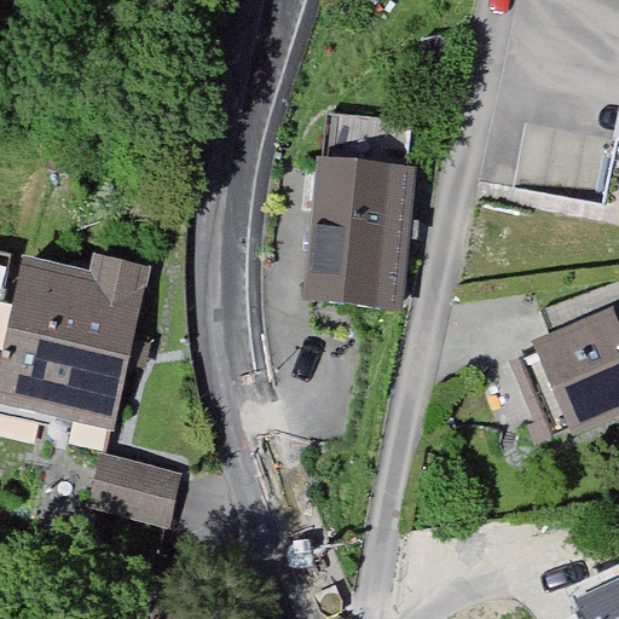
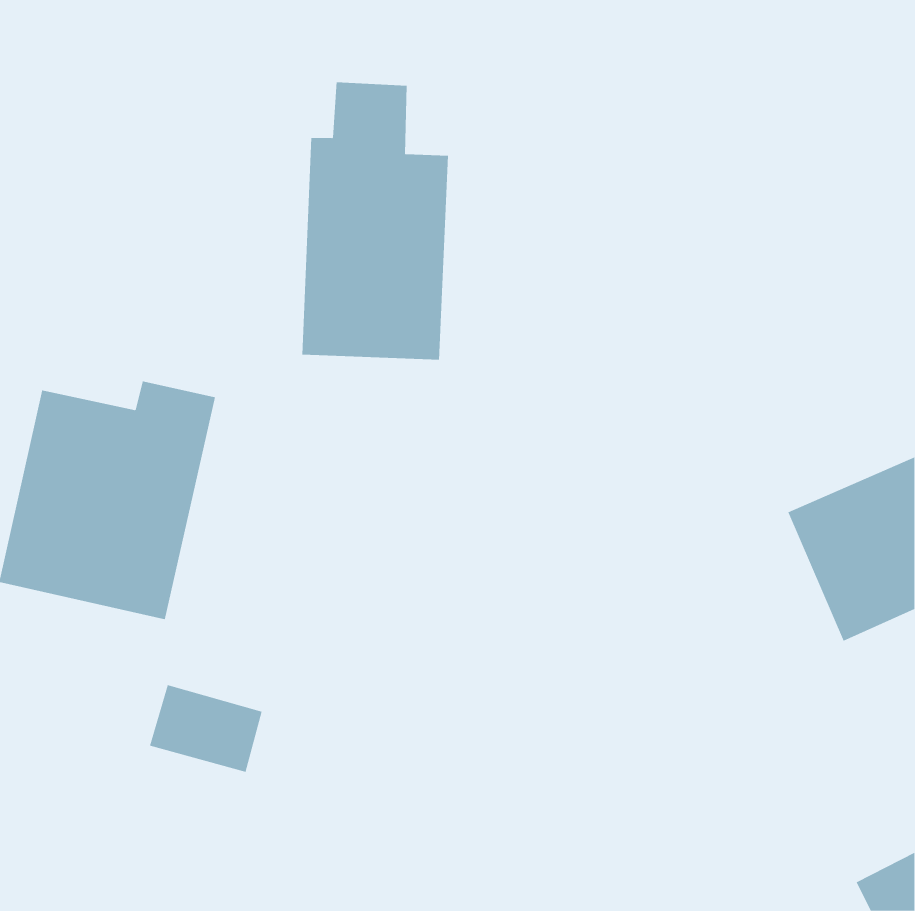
building: [312,116,411,303] -> [302,82,449,360]

